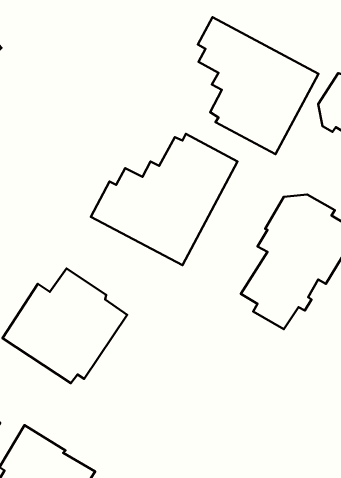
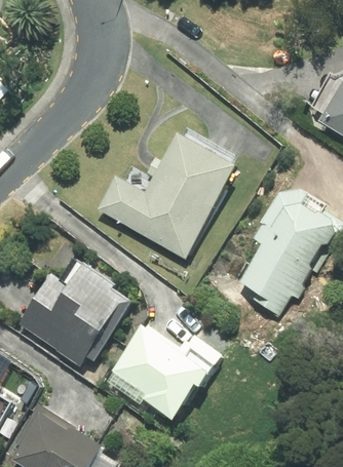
building: [198,17,318,154] -> none
building: none -> [109,326,223,418]

